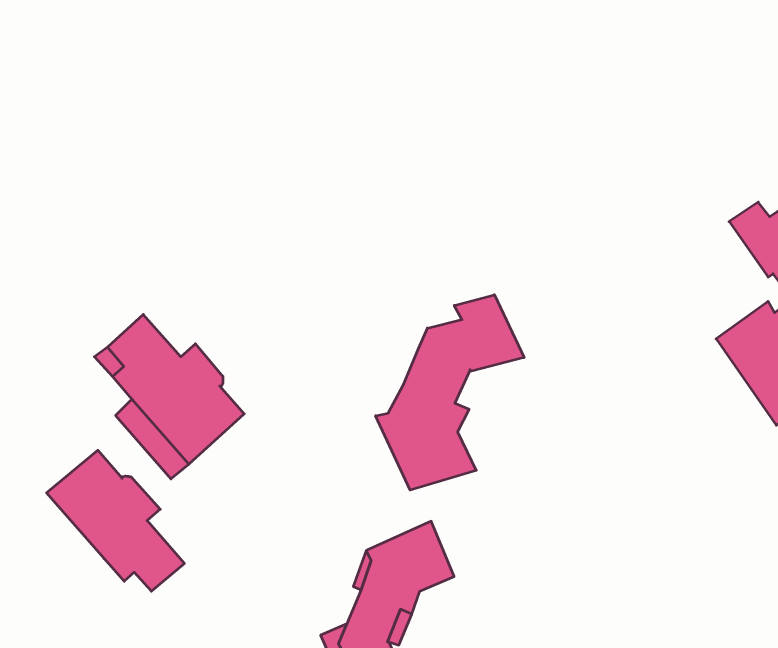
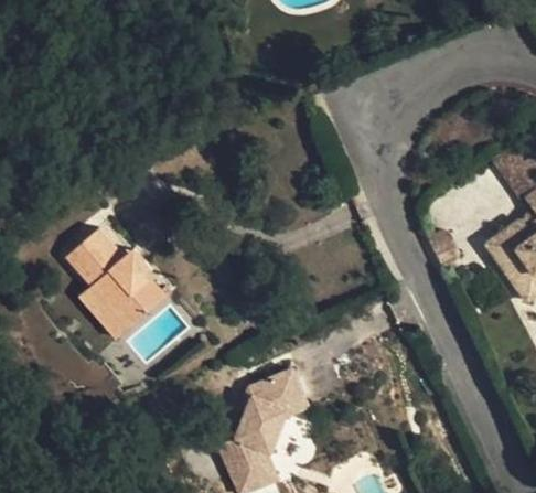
building: [376,295,524,490] -> none
building: [47,450,184,591] -> none

